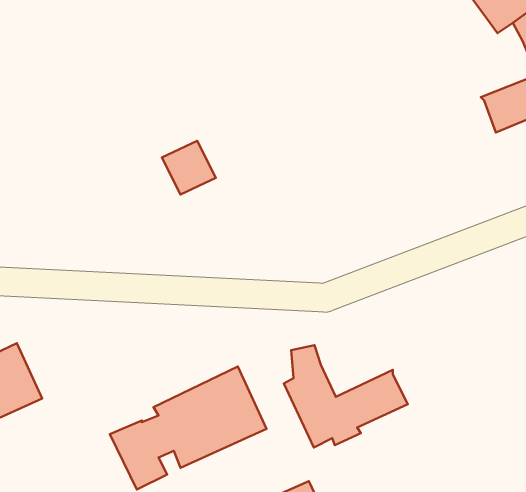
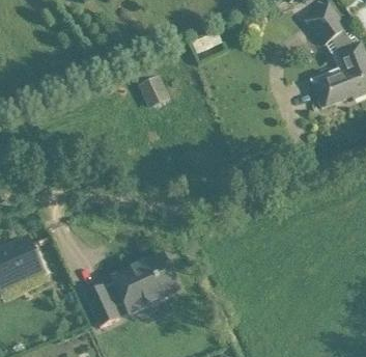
building: [162,141,216,195] -> [136,74,169,107]
building: [284,345,408,448] -> none

